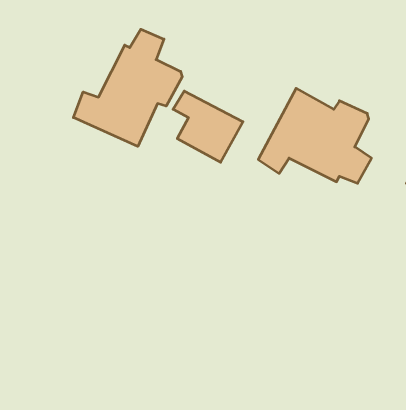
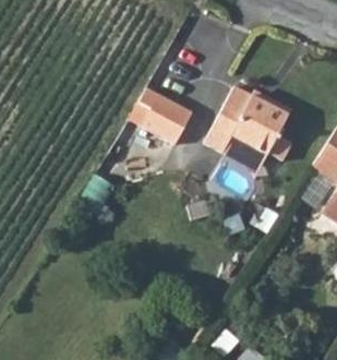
building: [73,29,182,146] -> none

